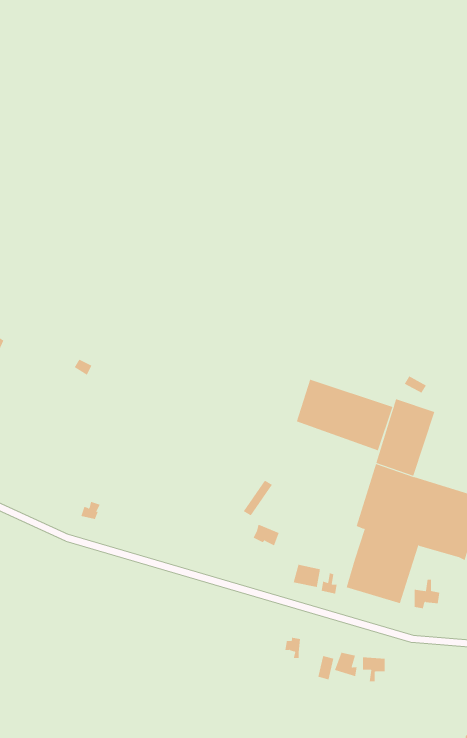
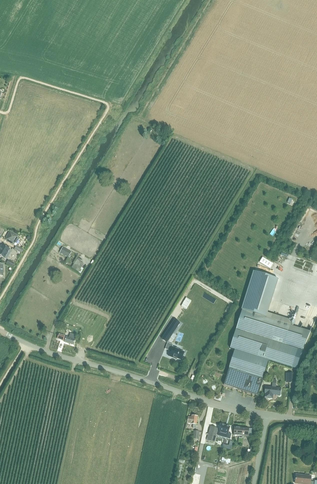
building: [296,379,393,451] -> none

